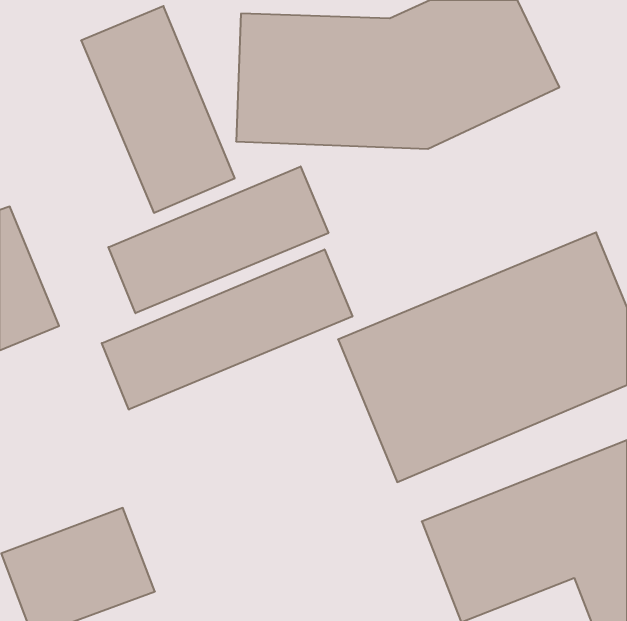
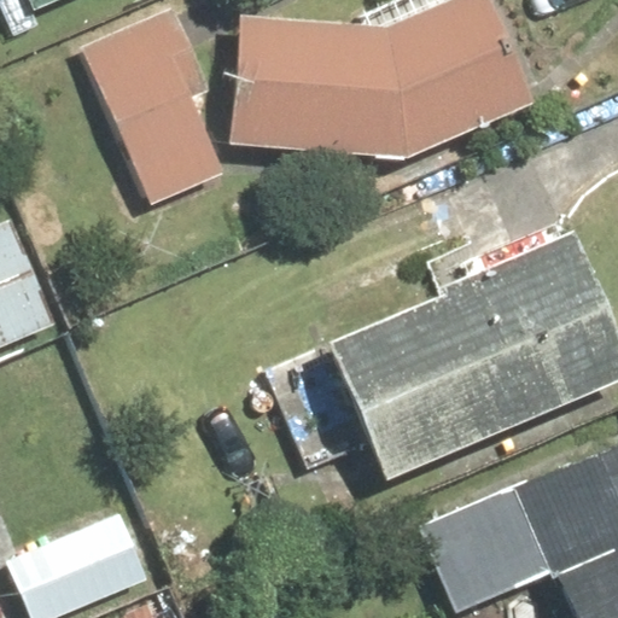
building: [108,166,328,313] -> none
building: [102,249,352,410] -> none

